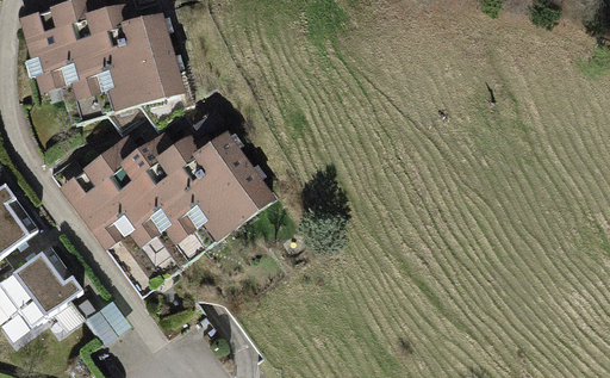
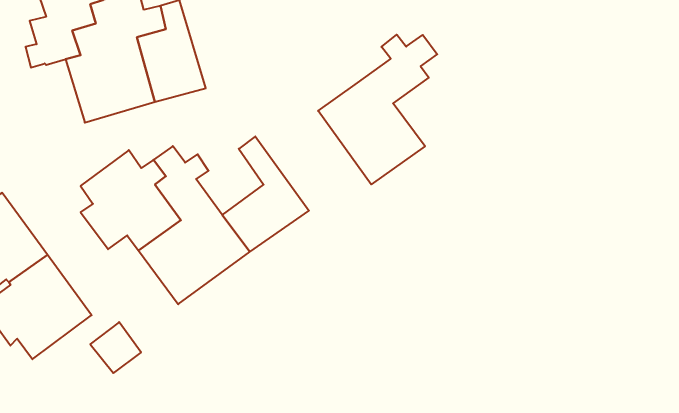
building: none -> [318,35,437,184]
building: [174,140,232,203] -> none

